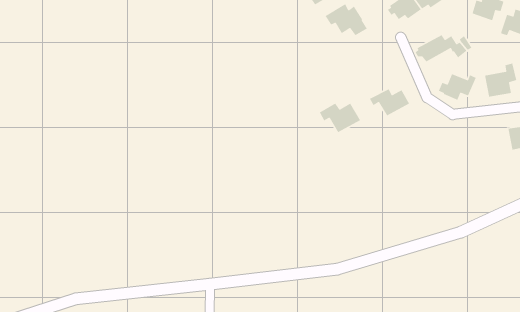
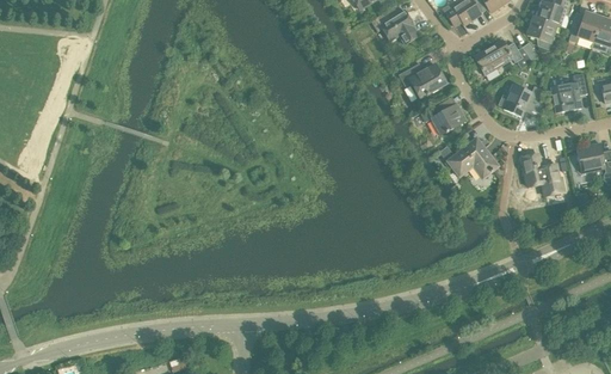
building: none -> [526,17,556,49]
building: [319,103,361,133] -> [399,63,446,98]
building: none -> [446,137,499,178]
building: none -> [521,153,564,195]

